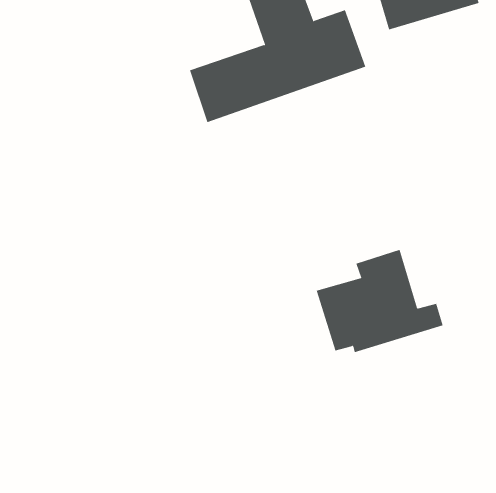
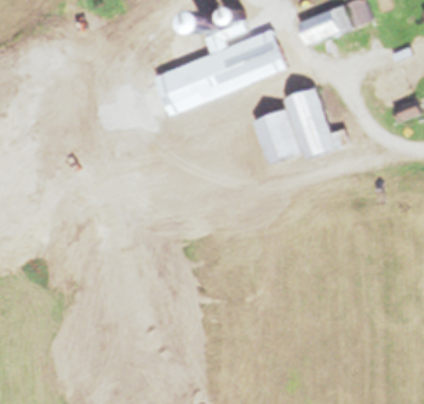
building: [316,249,443,353] -> [252,87,349,166]

